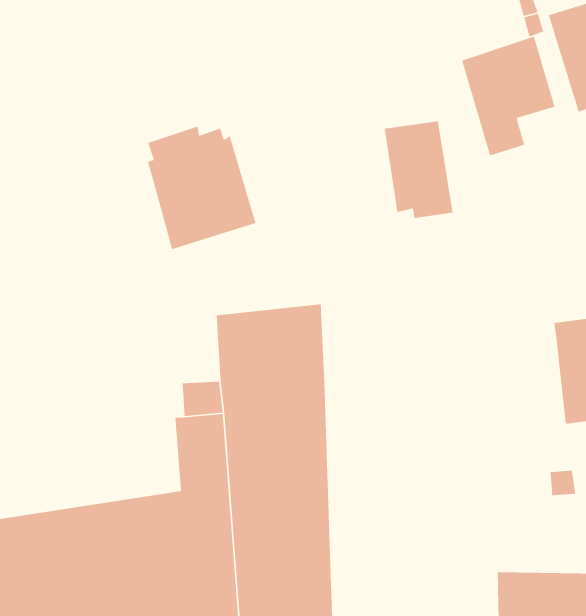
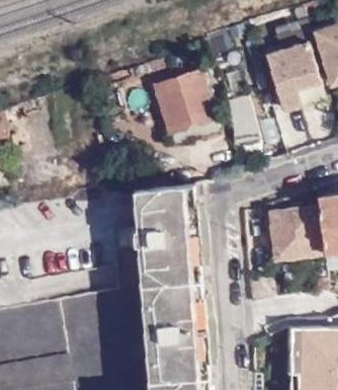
building: [147,125,256,250] -> [157,68,216,135]
building: none -> [273,208,325,258]

